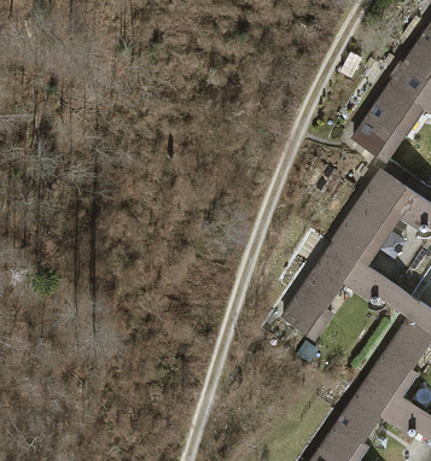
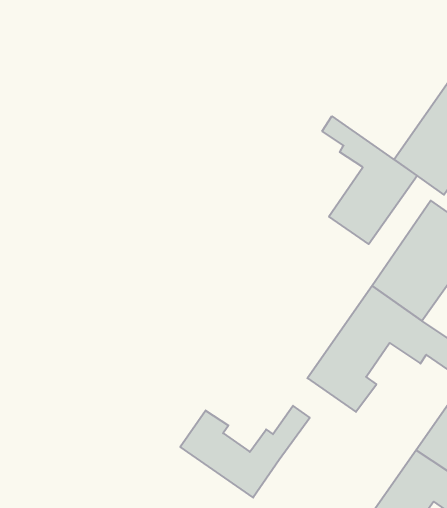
building: none -> [322,116,417,244]
building: none -> [180,406,310,498]

